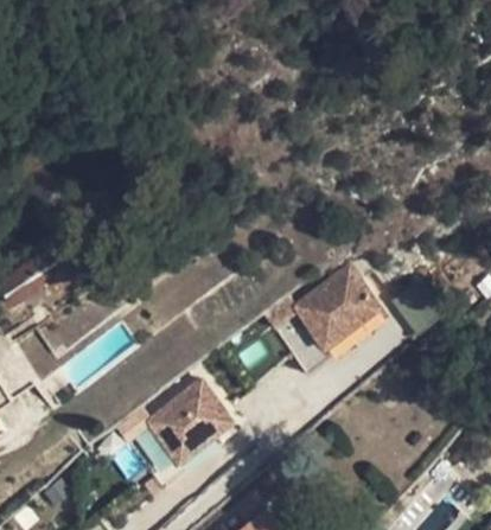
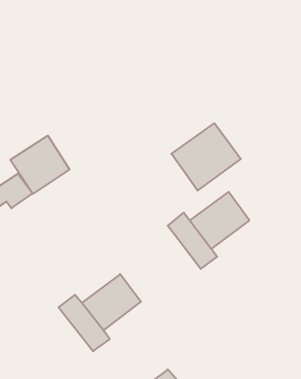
building: none -> [171,123,241,191]
building: none -> [10,136,70,194]

